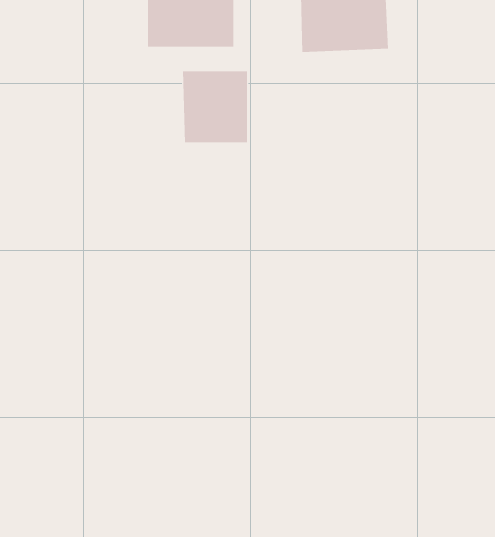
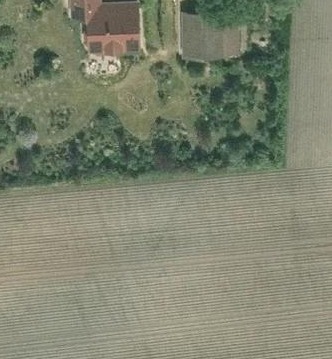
building: [183,70,248,143] -> none

